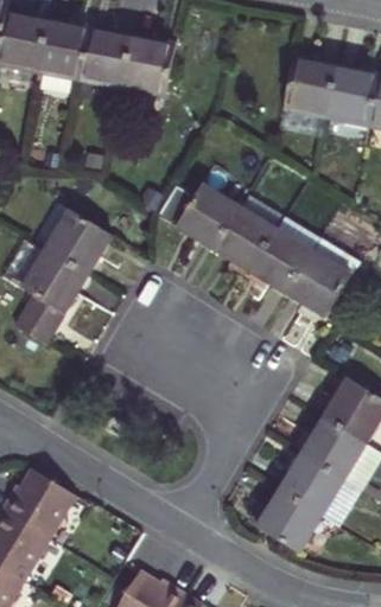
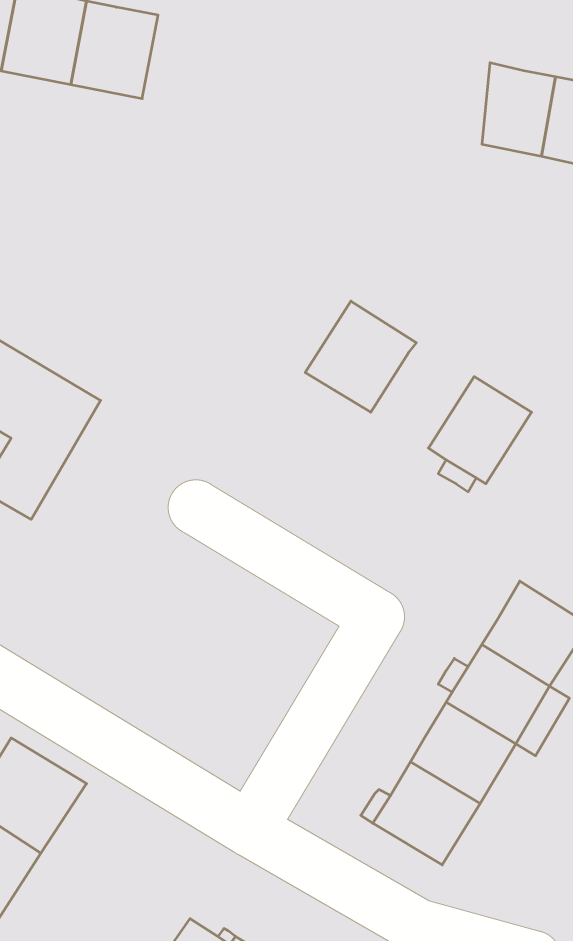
building: [116,37,170,95] -> none
building: [273,57,324,114] -> none
building: [158,184,241,250] -> none
building: [47,202,114,267] -> none
building: [253,232,315,295] -> none

